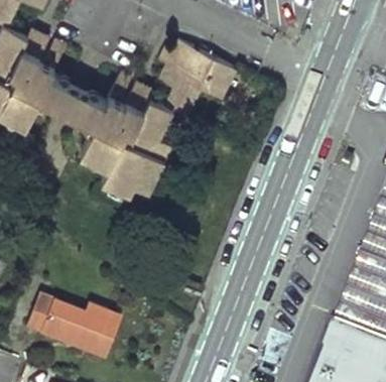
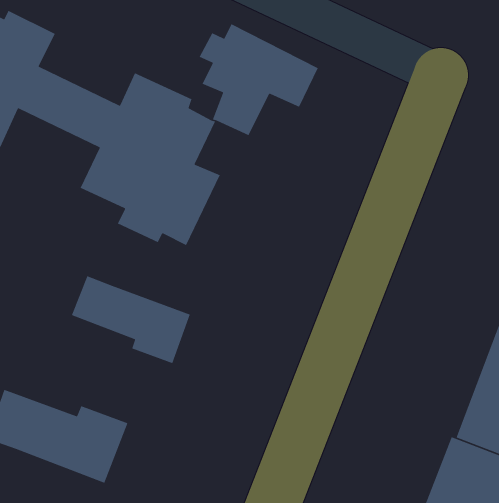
building: none -> [71,275,191,364]

